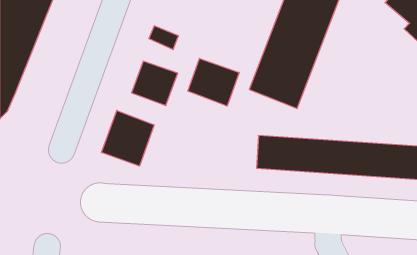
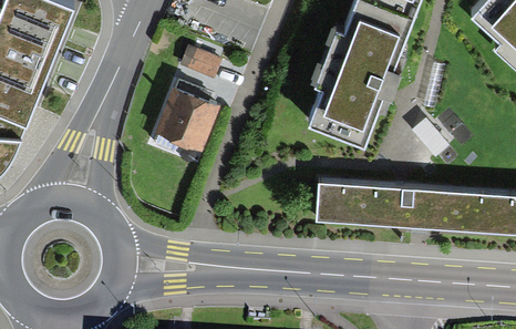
building: [188,58,239,106] -> none
building: [101,110,154,166] -> none

